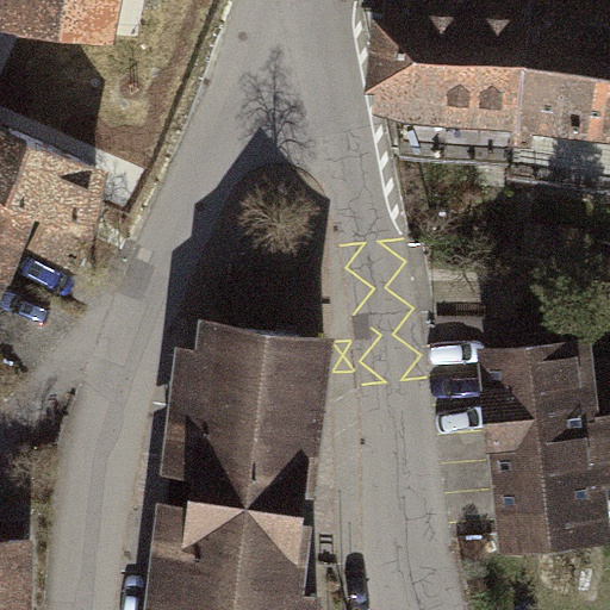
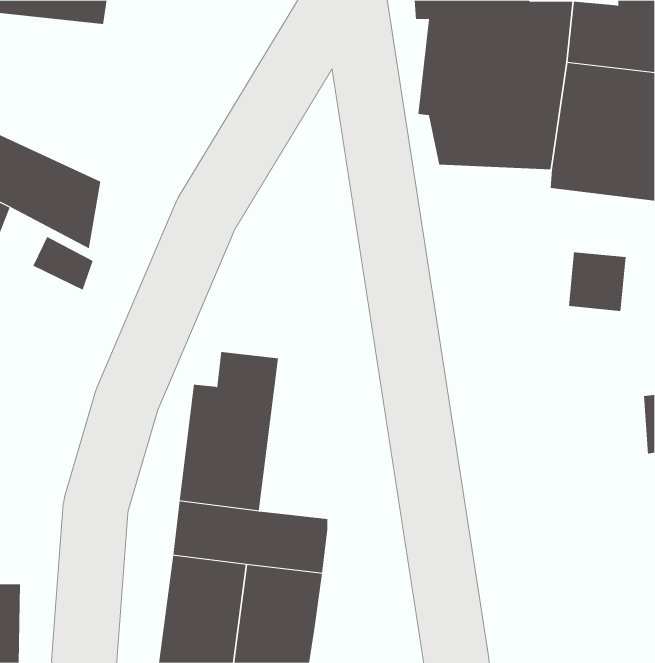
building: [238,329,319,477] -> none
building: [484,343,585,521] -> none

